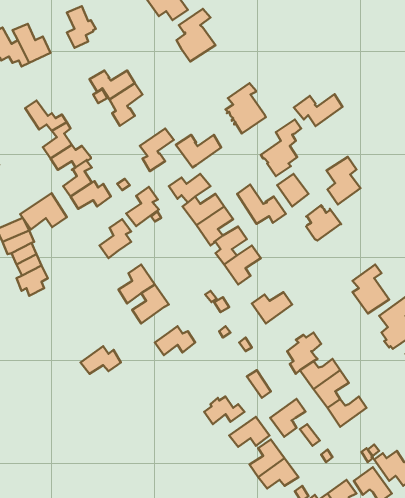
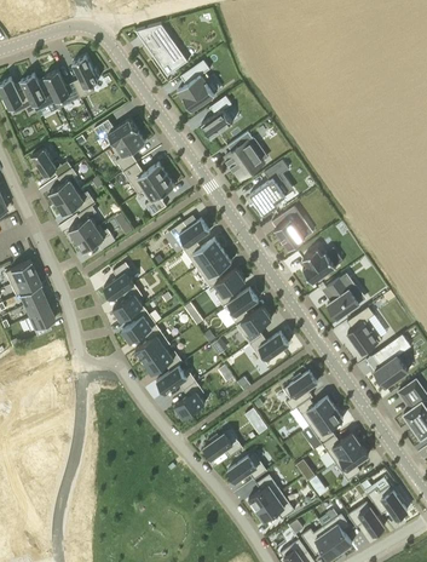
building: none -> [45,70,80,108]
building: none -> [202,94,233,138]
building: [294,94,343,126] -> none
building: [176,135,221,168] -> [123,162,167,194]
building: [326,157,360,205] -> [327,273,359,319]
building: [237,185,286,224] -> none
building: [126,187,159,226] -> [112,283,144,321]
building: [20,193,67,230] -> none
building: none -> [237,306,272,343]
building: none -> [174,380,206,418]
building: [81,346,121,374] -> [144,346,183,373]
building: [270,399,305,437] -> [335,443,369,480]

